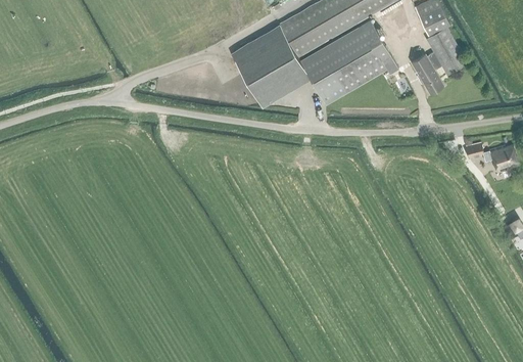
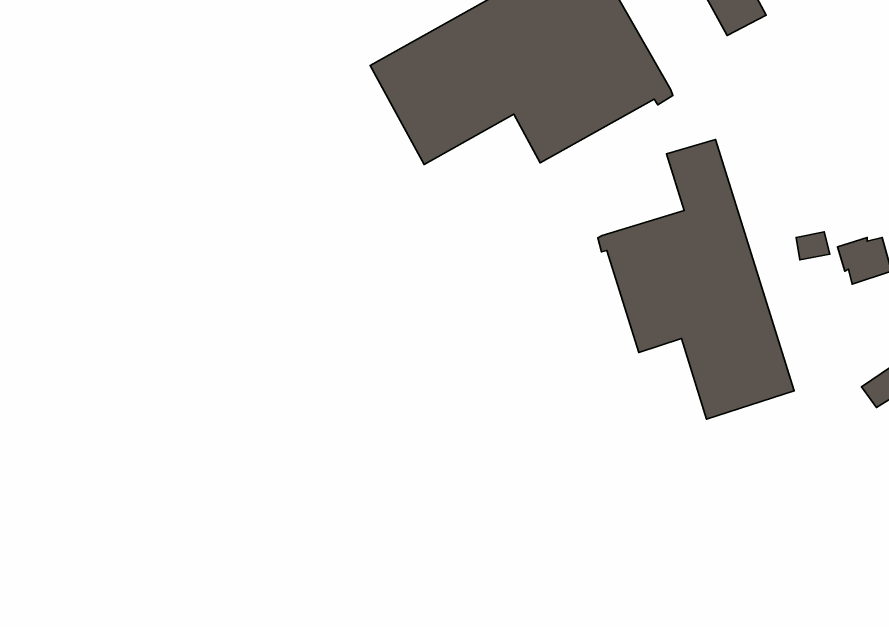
building: [411,26,467,94] -> none
building: none -> [598,139,794,419]

